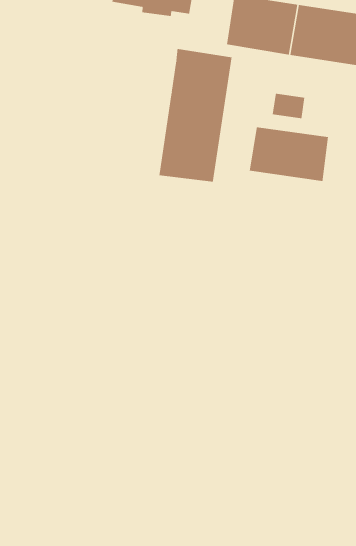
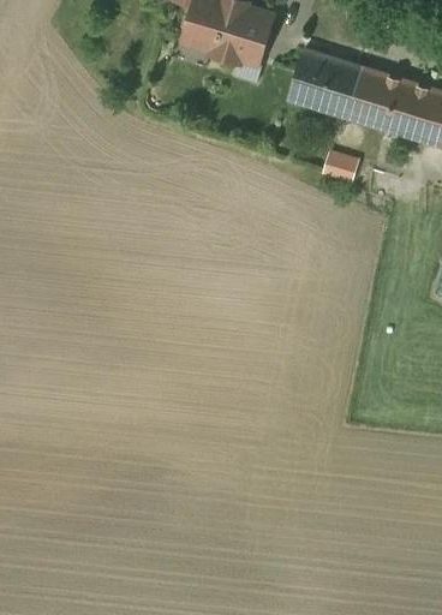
building: [159,48,232,183] -> none
building: [249,126,329,182] -> none

